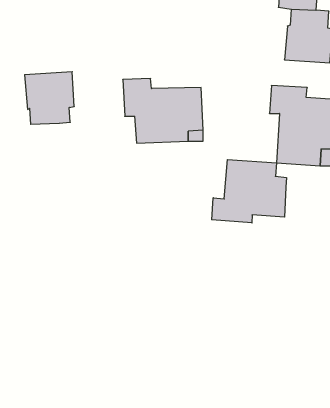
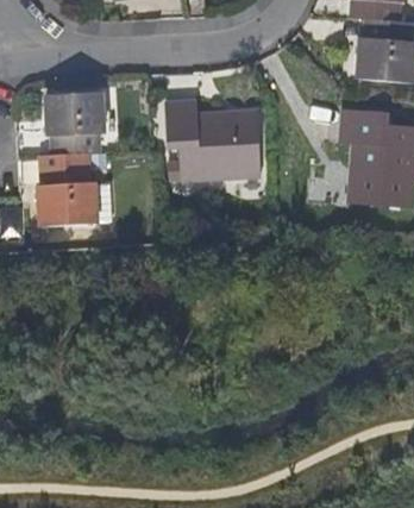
building: none -> [39,155,98,218]
building: [212,160,286,223] -> none

